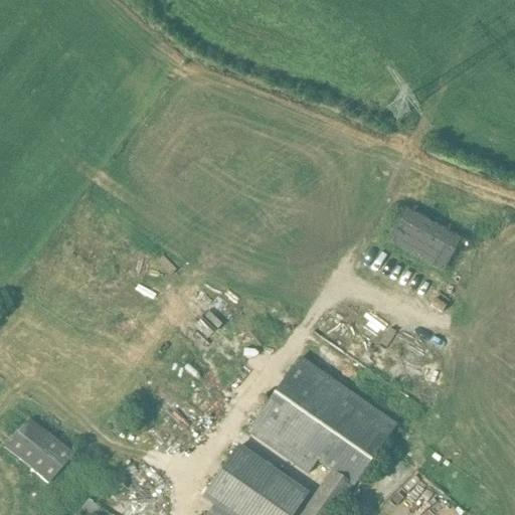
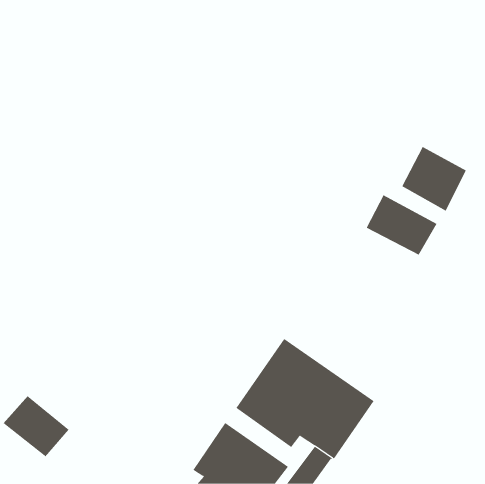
building: none -> [402,146,467,212]

